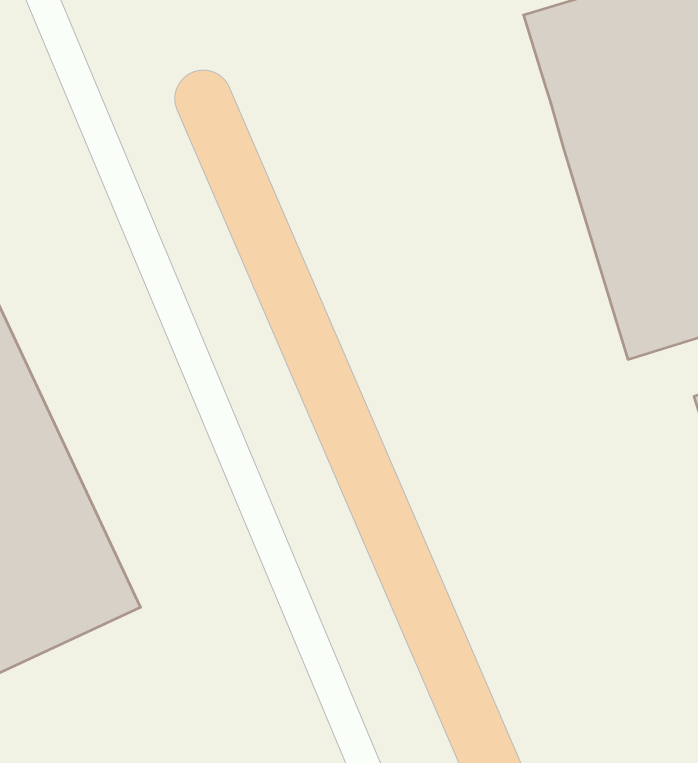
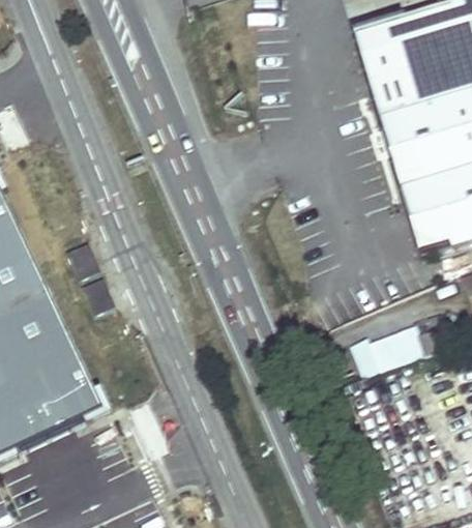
building: none -> [353,328,420,370]

